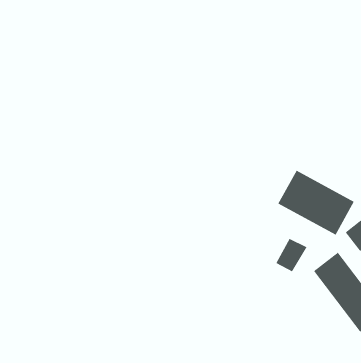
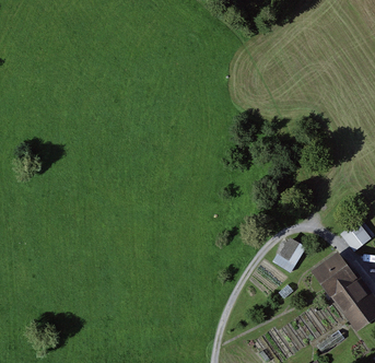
building: [278,170,355,236] -> none

